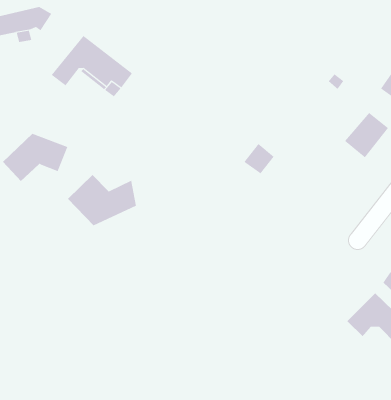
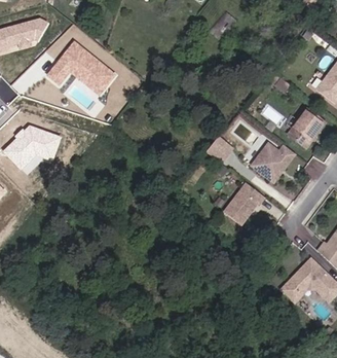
building: none -> [252,143,295,181]
building: [67,174,137,226] -> none
building: none -> [225,182,266,224]

